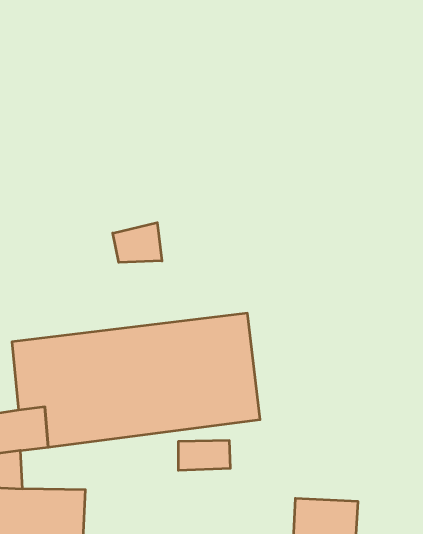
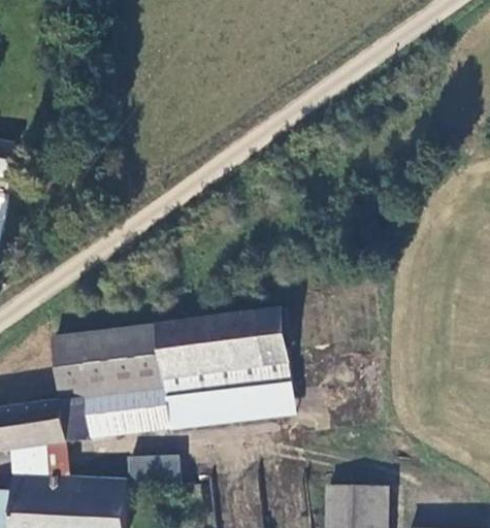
building: [113,223,162,262] -> none
building: [178,441,230,470] -> [126,454,176,483]

